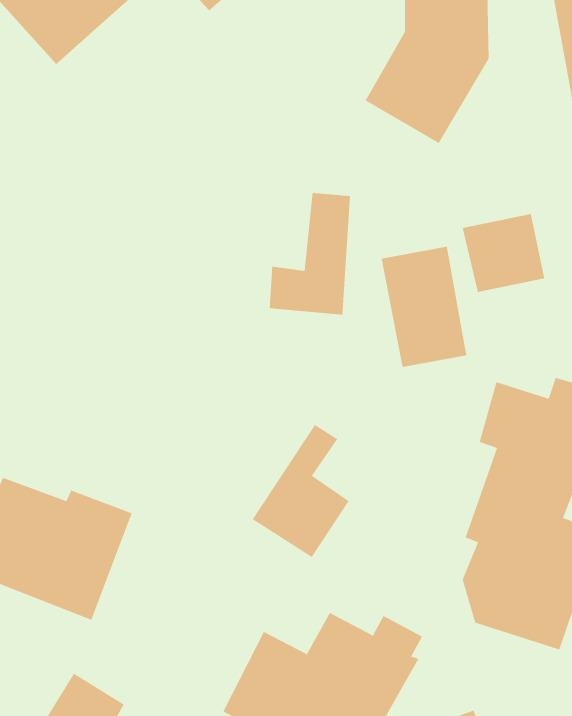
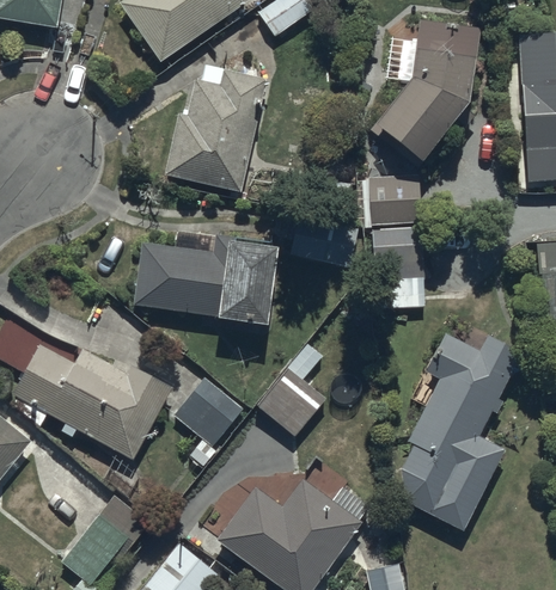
building: none -> [163,68,267,191]
building: [462,214,545,293] -> [366,174,421,226]
building: none -> [134,229,280,318]
building: none -> [173,377,240,469]

